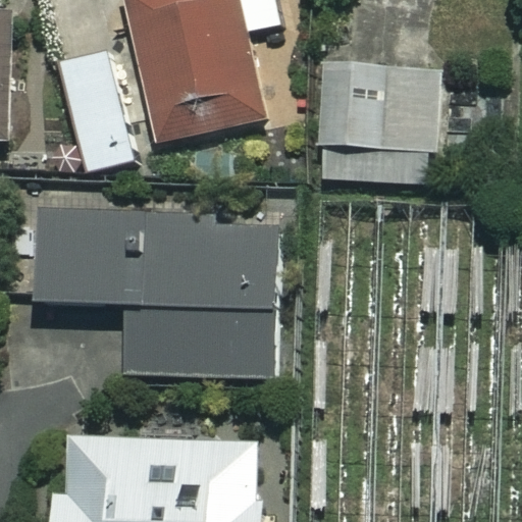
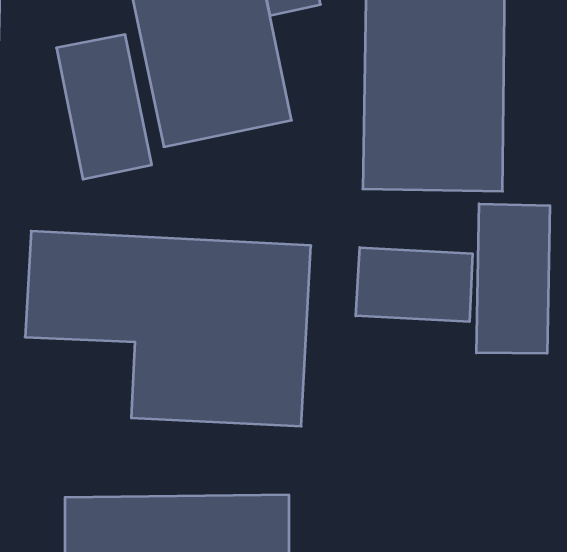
building: none -> [476,204,550,353]
building: none -> [356,247,472,322]

